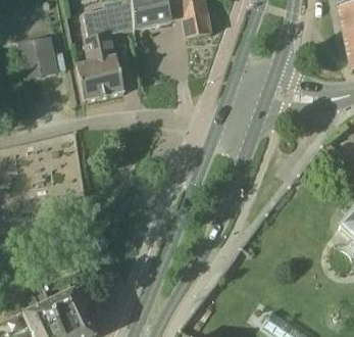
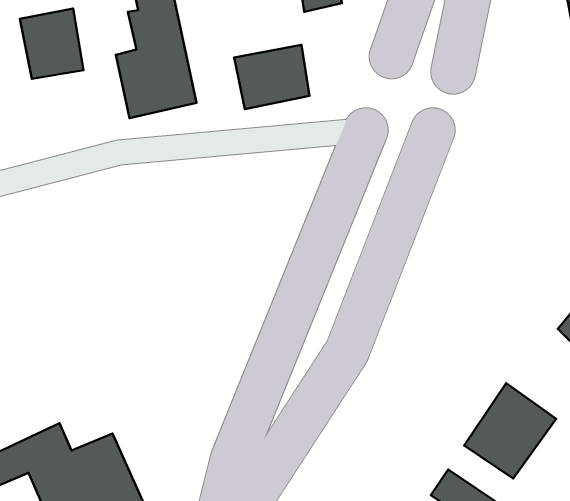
building: none -> [234,45,309,109]
building: none -> [464,383,556,479]

